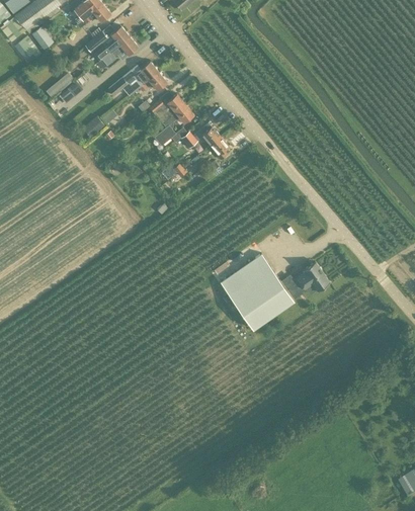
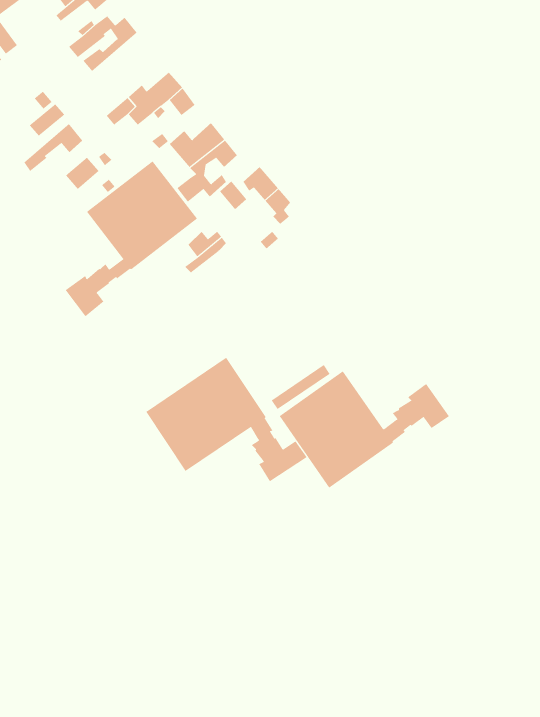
building: [99,36,138,68] -> [24,123,83,172]
building: none -> [65,160,198,317]
building: none -> [146,357,307,482]

